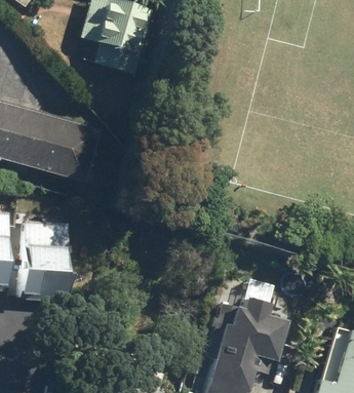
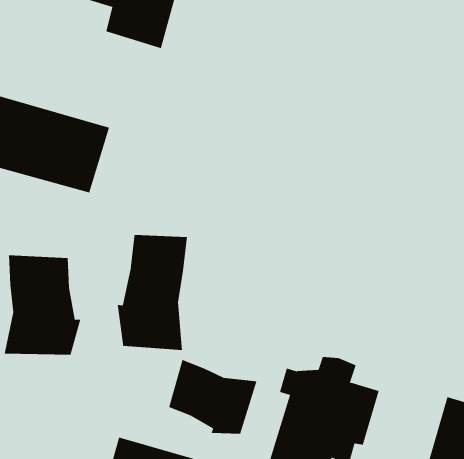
building: none -> [117,234,187,351]
building: none -> [168,359,257,435]

